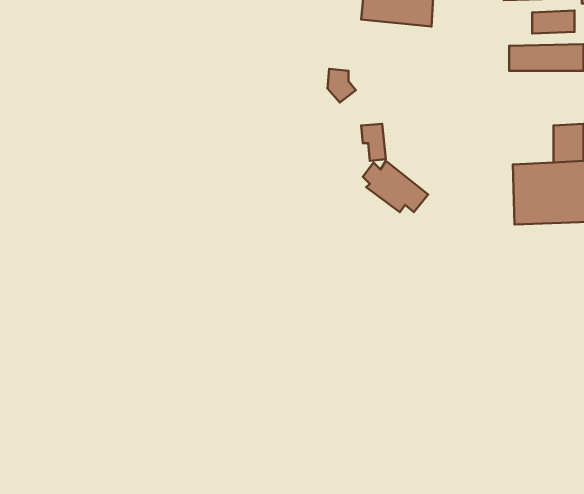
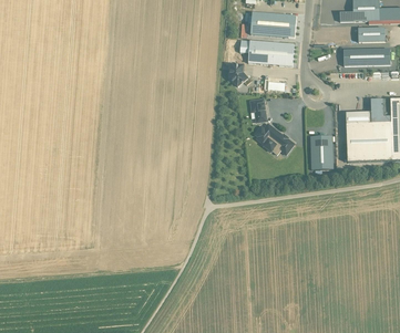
building: none -> [248,39,294,64]
building: none -> [309,134,331,167]

